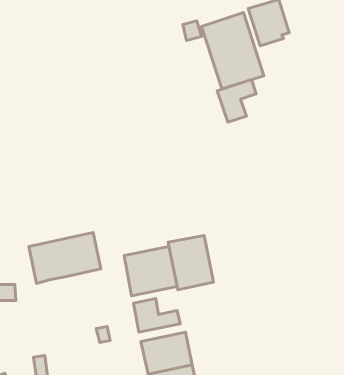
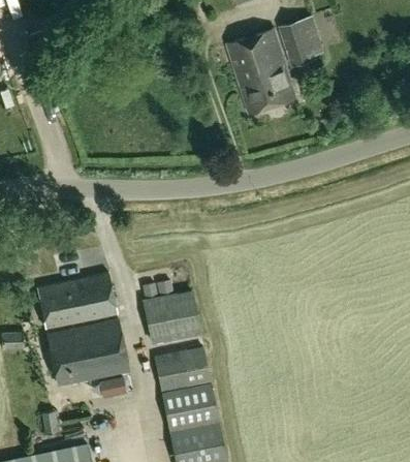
building: [217,80,256,122] -> none
building: [168,235,214,290] -> none
building: none -> [46,320,128,387]

